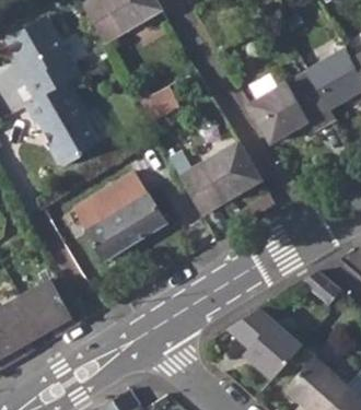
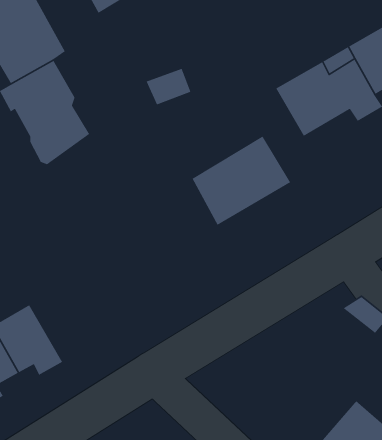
building: [72,171,164,259] -> none
building: [228,308,301,378] -> none

